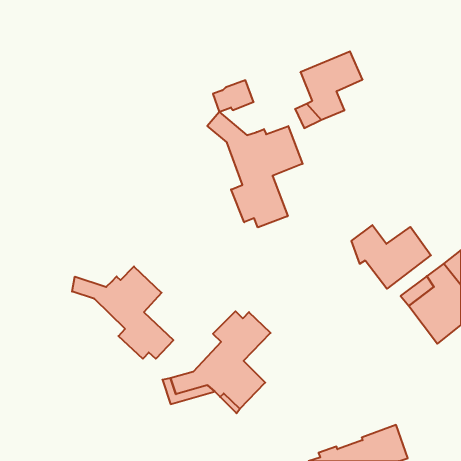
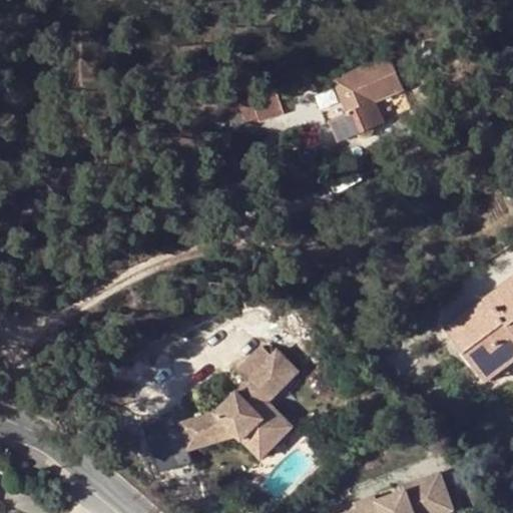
building: [207,112,303,227] -> none
building: [351,225,431,289] -> none
building: [72,266,173,359] -> none

